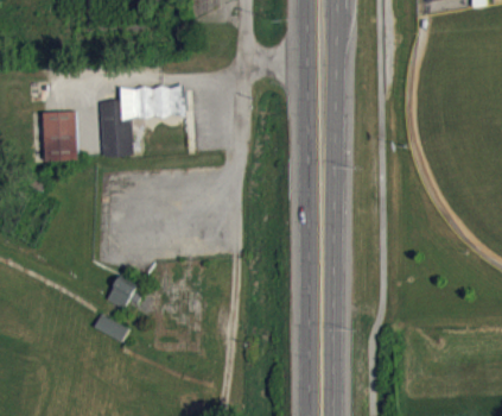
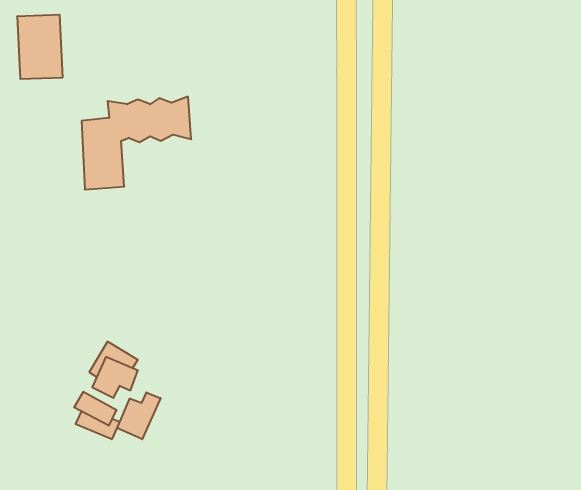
building: [42,109,77,159] -> [17,15,63,79]
building: none -> [117,392,161,439]

